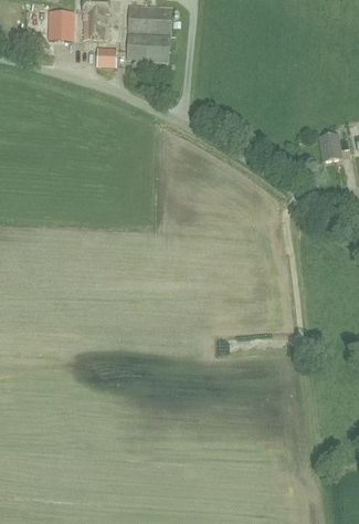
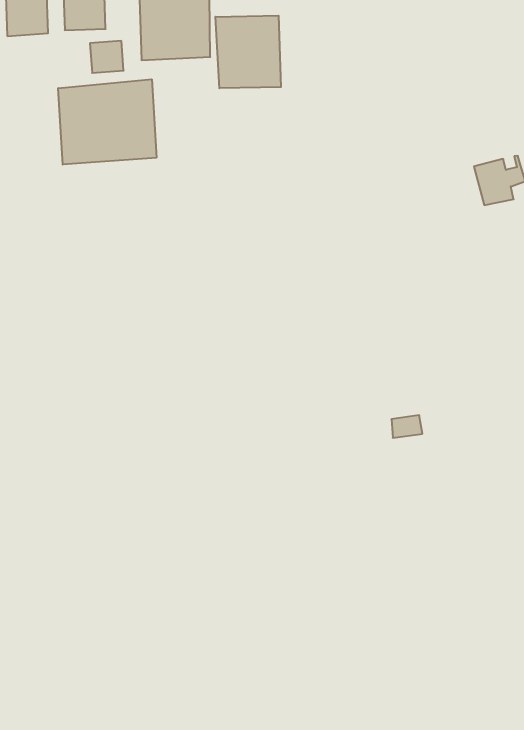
building: none -> [215,16,281,88]
building: none -> [58,79,156,165]

